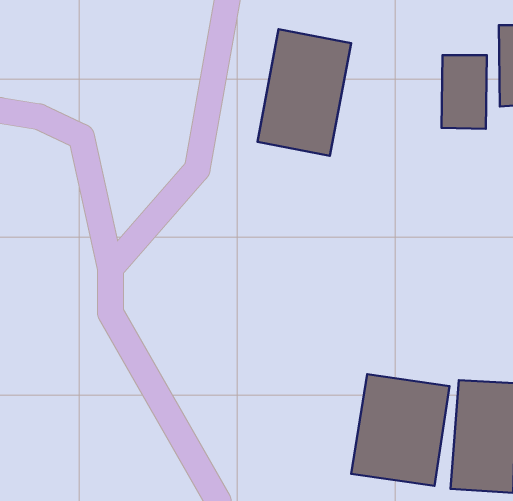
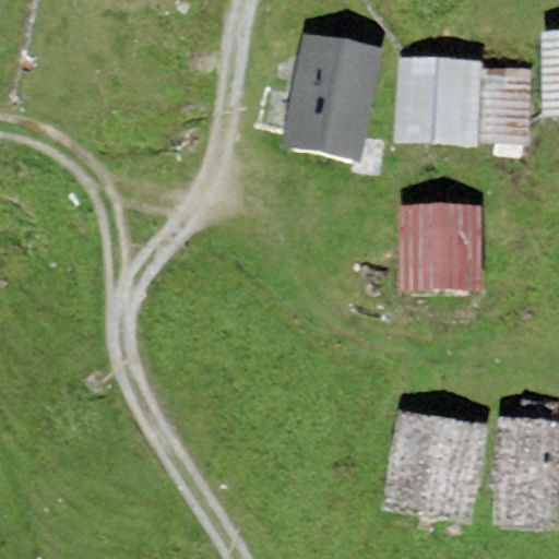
building: none -> [395,55,481,150]
building: none -> [400,199,481,290]

